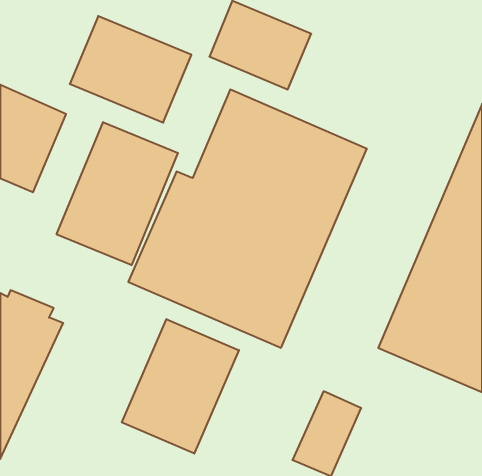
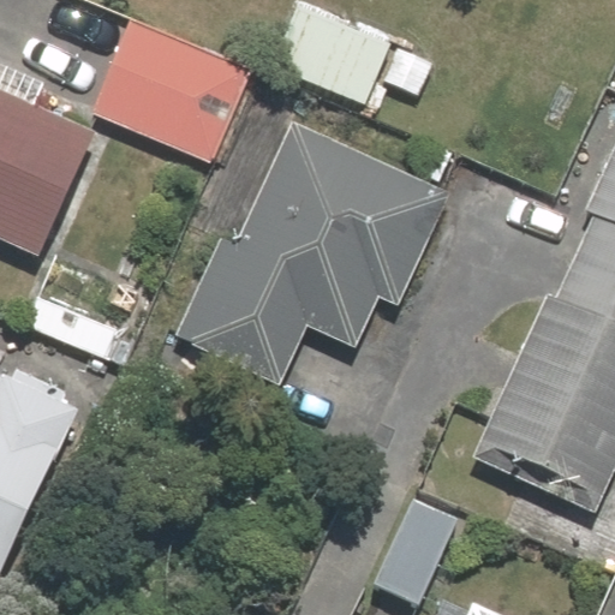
building: [57,122,178,265] -> none
building: [122,319,239,454] -> none

